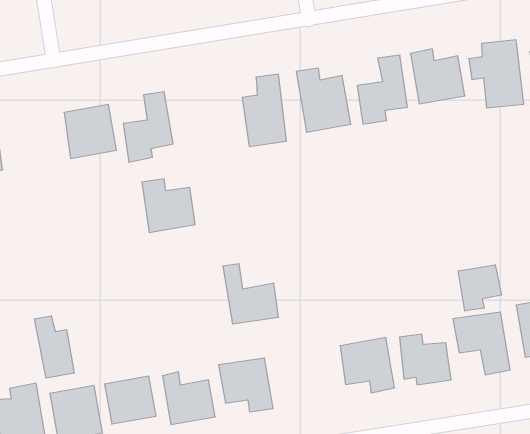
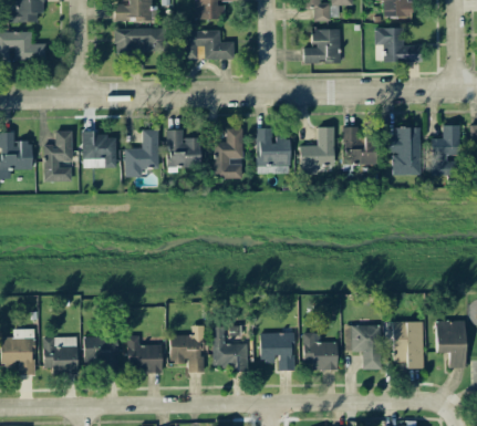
building: none -> [43,131,73,181]
building: [142,179,195,233] -> [167,129,201,167]
building: [223,264,279,324] -> [212,325,248,368]
building: [458,265,501,311] -> none
building: [35,316,74,378] -> none

